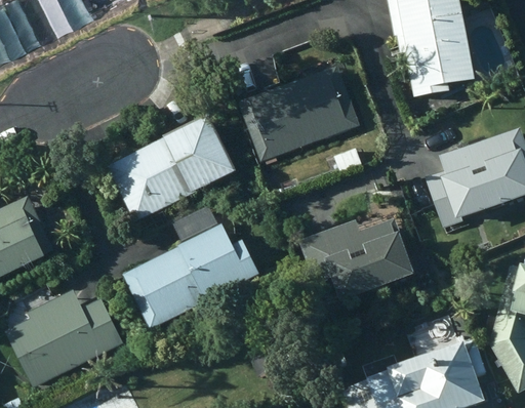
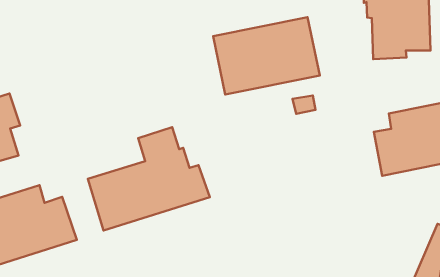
building: [105,115,236,222] -> none
building: [298,218,415,303] -> none

